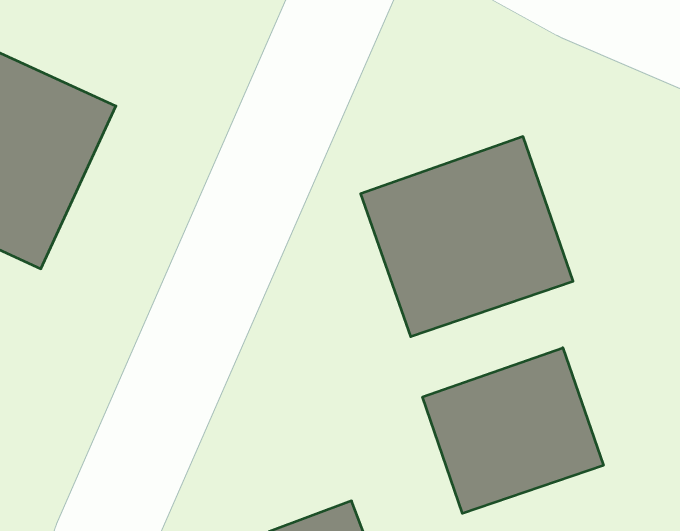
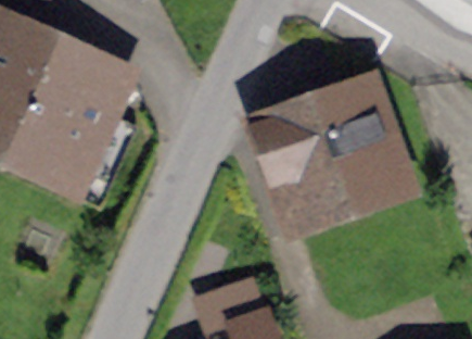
building: [423,348,603,513] -> none

